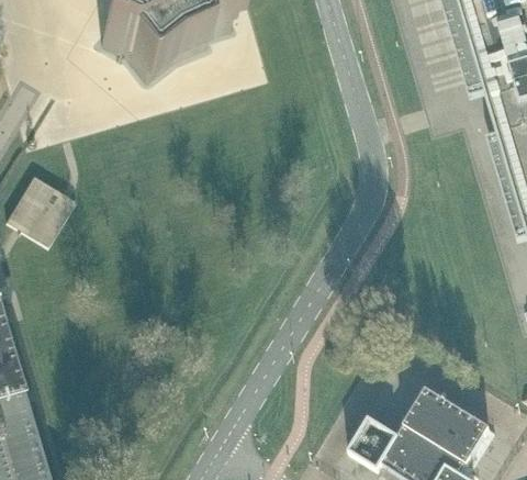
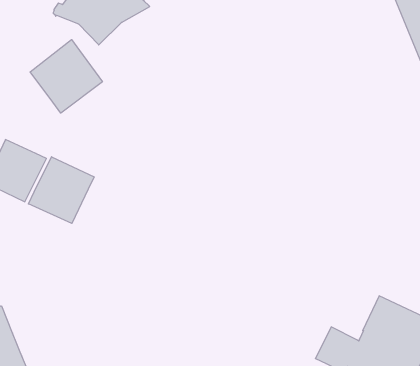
building: none -> [30,40,102,113]
building: none -> [28,157,94,223]

